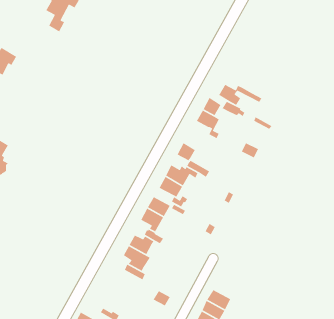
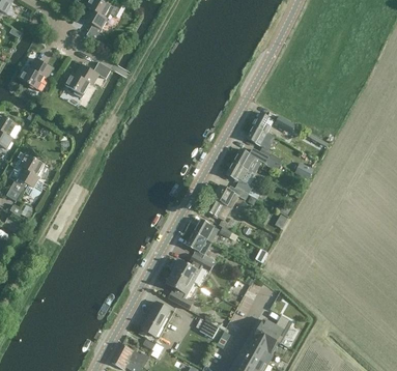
building: none -> [64,62,110,98]
building: [218,84,262,106] -> [231,148,279,172]
building: none -> [140,302,173,339]

